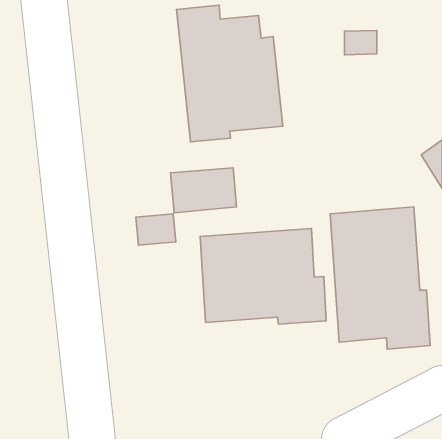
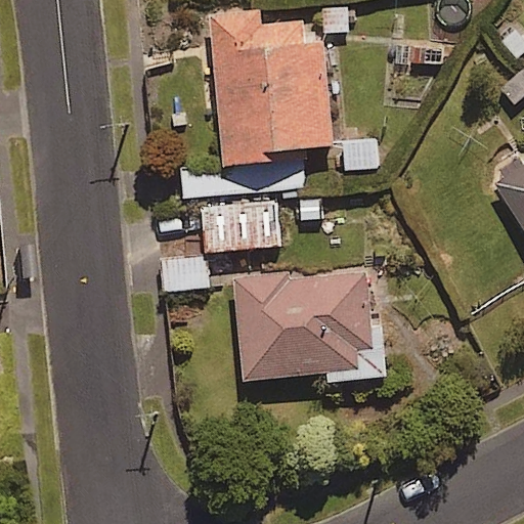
building: [330,207,430,349] -> none

